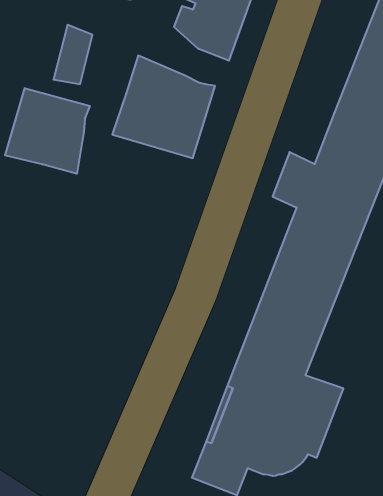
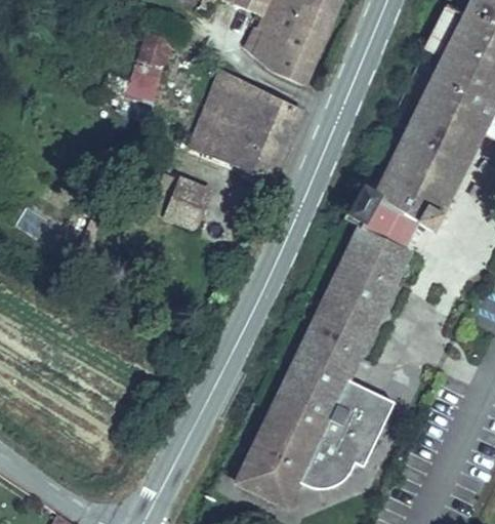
building: [5,88,90,174] -> none
building: none -> [162,177,209,228]

